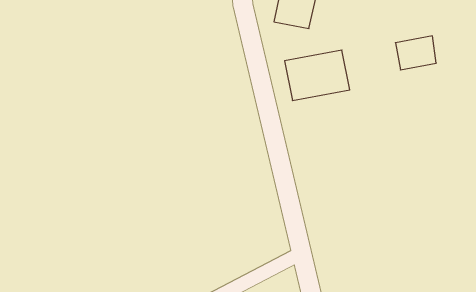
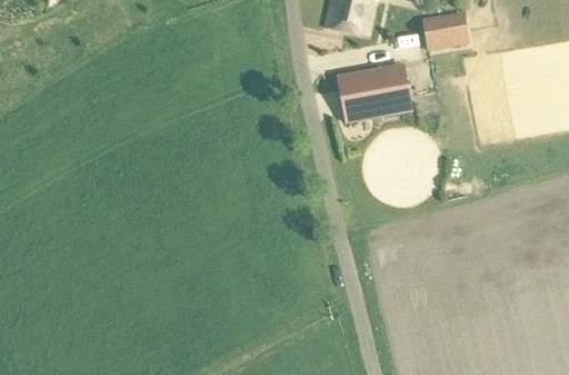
building: [395,36,436,70] -> [422,11,469,50]

